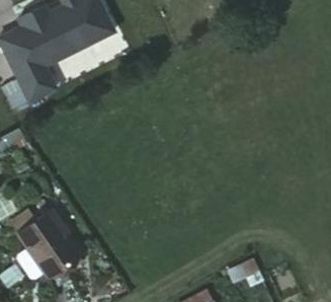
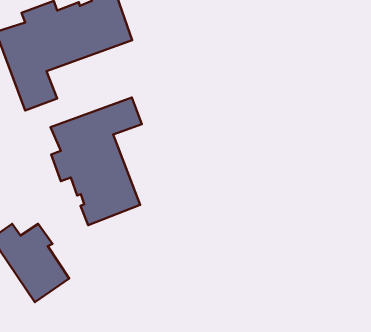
building: none -> [51,98,142,225]

